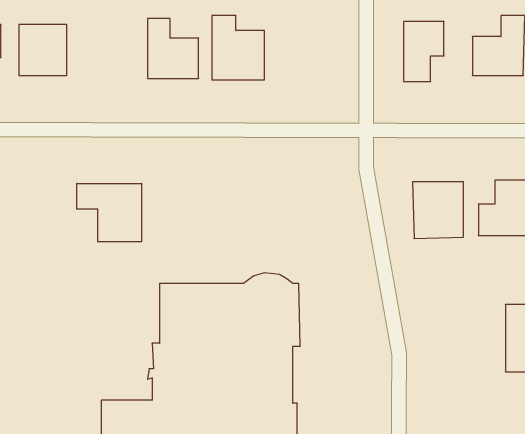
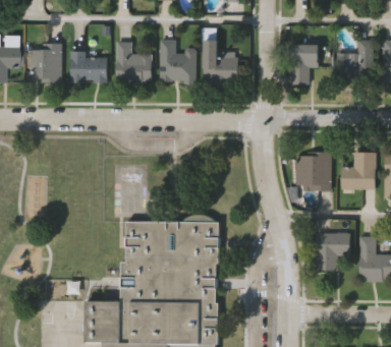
building: none -> [205,41,238,82]
building: none -> [71,52,107,81]
building: [77,183,142,242] -> none
building: none -> [317,233,350,271]

